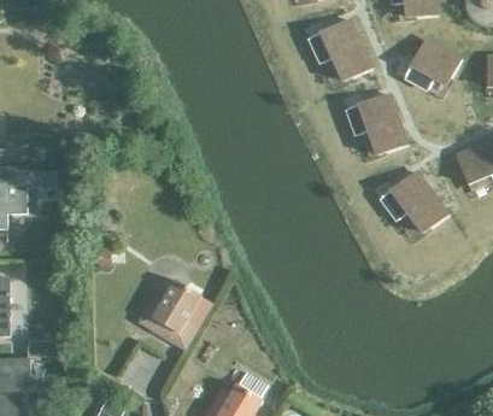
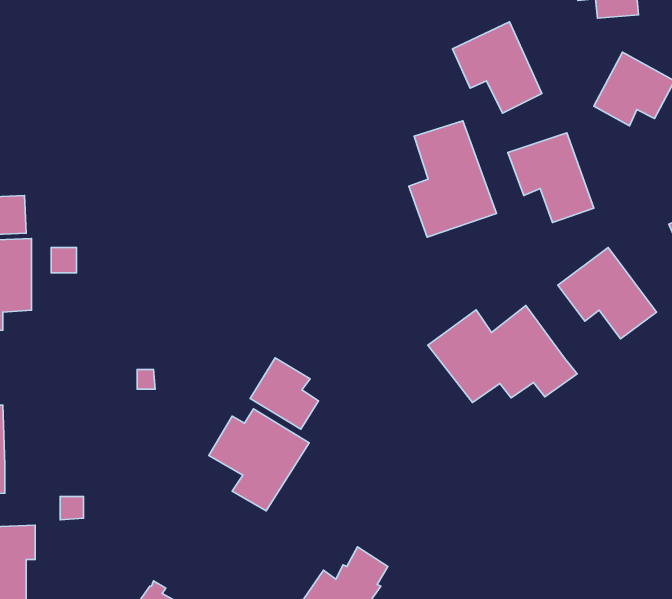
building: none -> [409,121,496,237]
building: none -> [428,306,577,402]
building: none -> [250,358,319,429]

